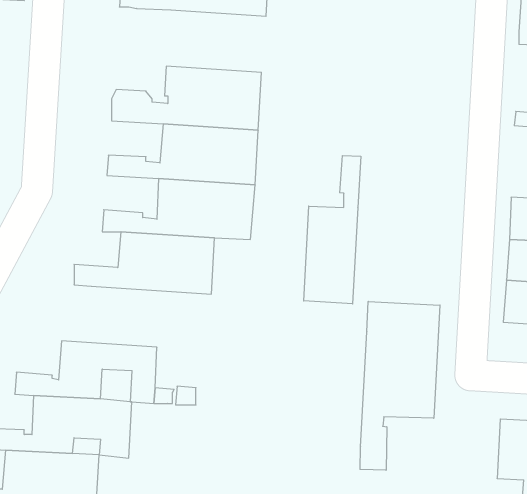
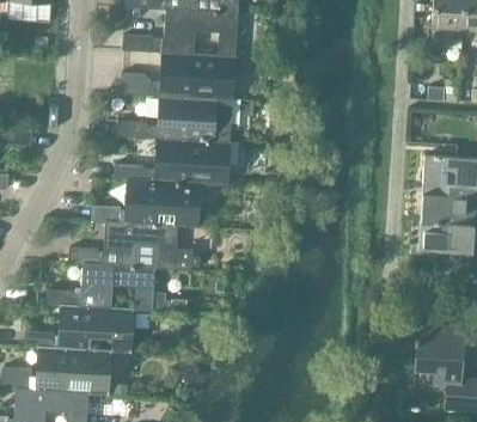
building: none -> [122,11,238,59]
building: [304,156,361,304] -> none
building: none -> [67,222,200,271]
building: [360,301,440,470] -> none

